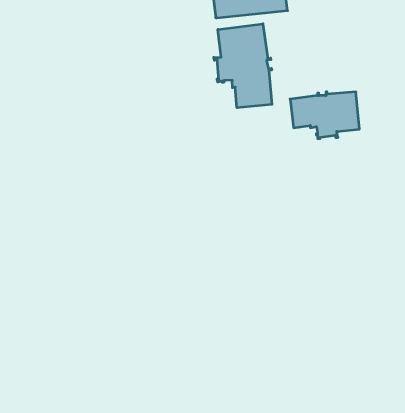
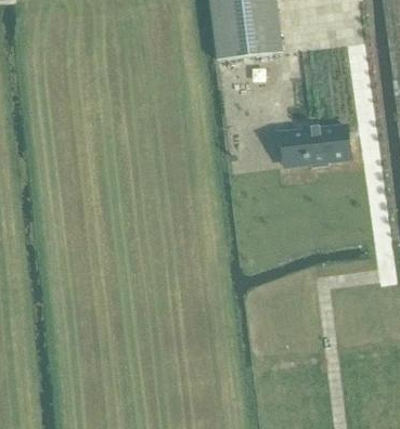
building: [214,24,272,108] -> none

